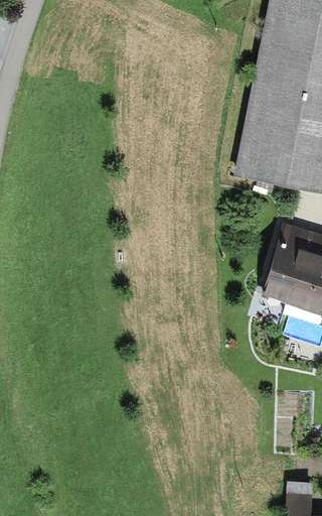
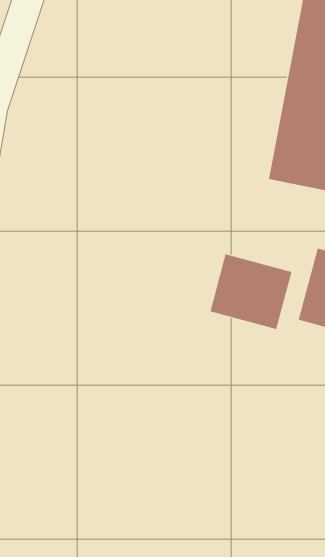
building: none -> [210,253,292,330]

